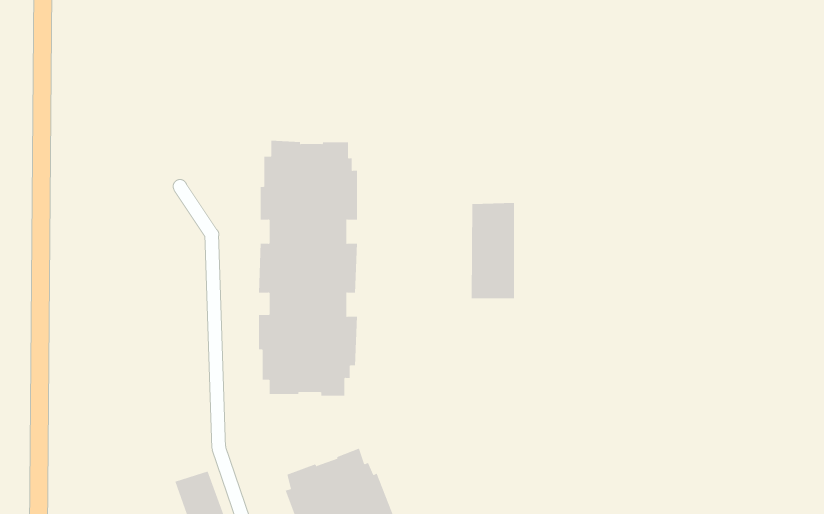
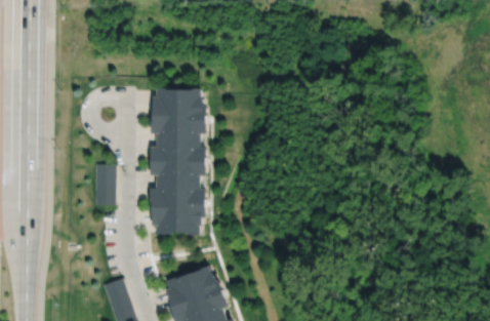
building: [471,202,514,299] -> none
building: none -> [93,164,115,205]

